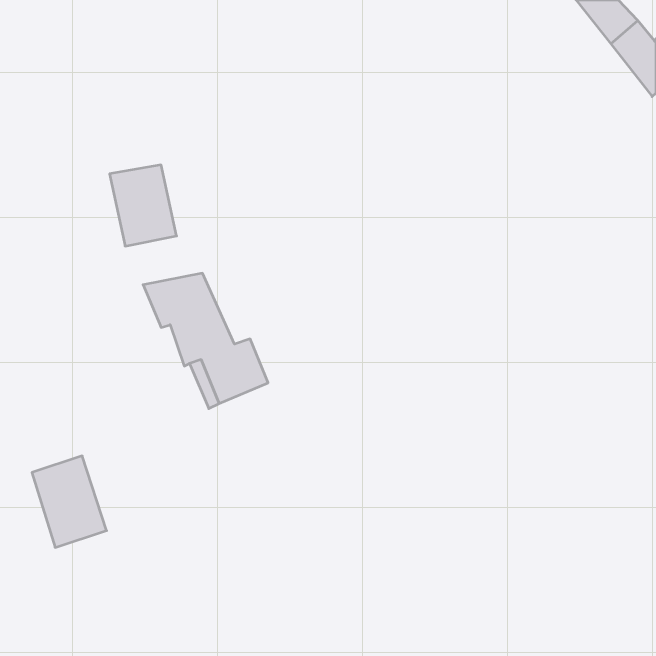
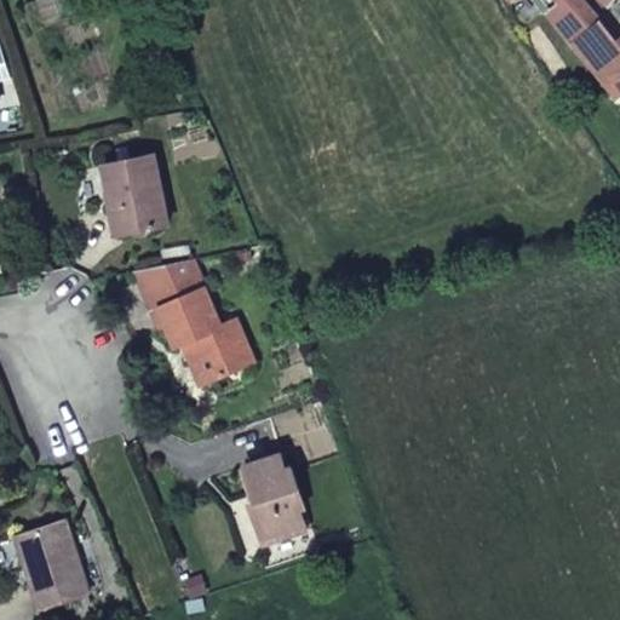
building: [32,456,107,547] -> [16,522,86,608]
building: none -> [245,455,304,544]

